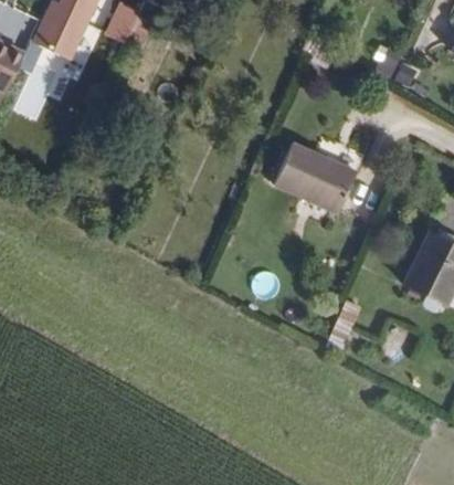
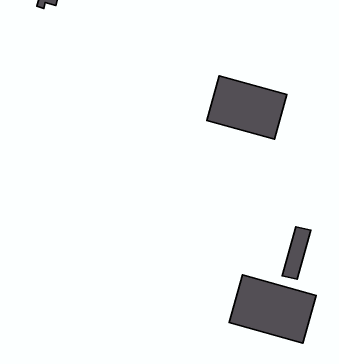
building: none -> [229,275,316,343]

